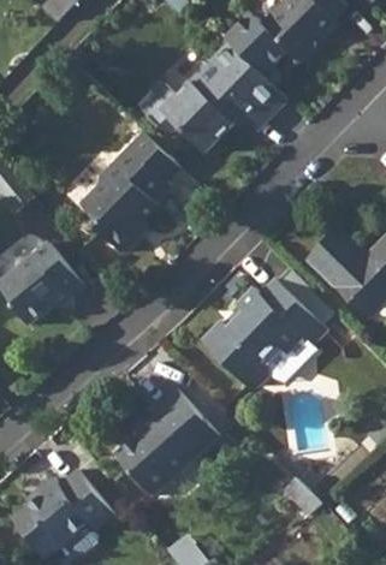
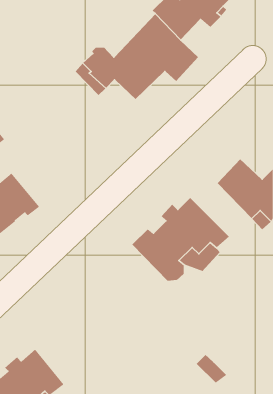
building: [83,150,172,254] -> none
building: [121,381,220,490] -> none

